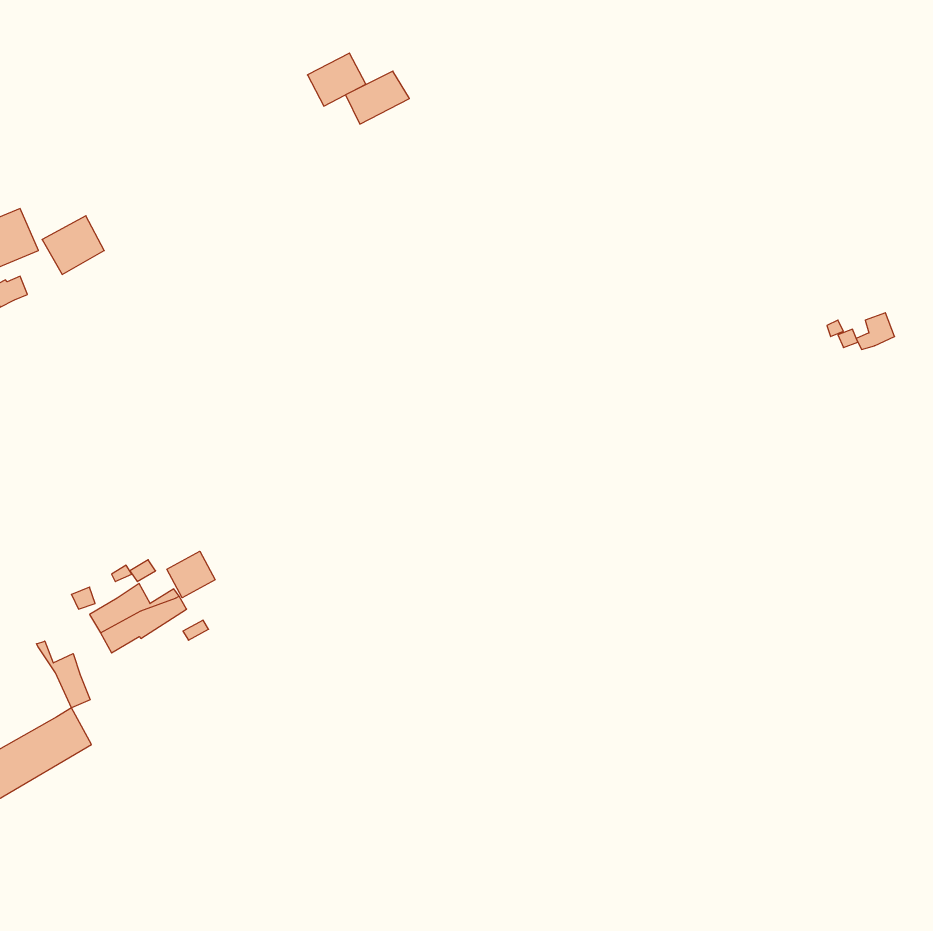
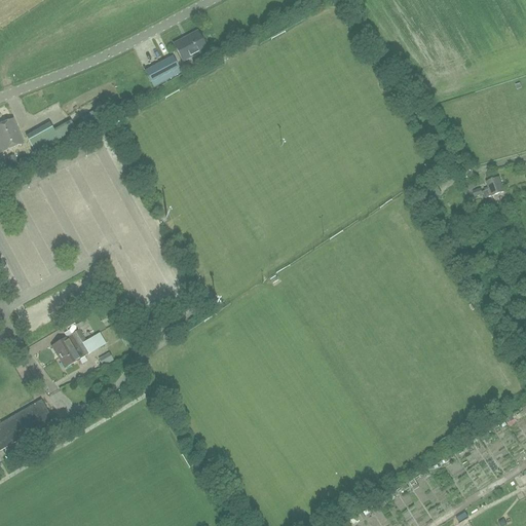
building: [345,71,409,124] -> [144,55,180,85]
building: [167,551,215,598] -> none
building: [36,641,90,708] -> none

